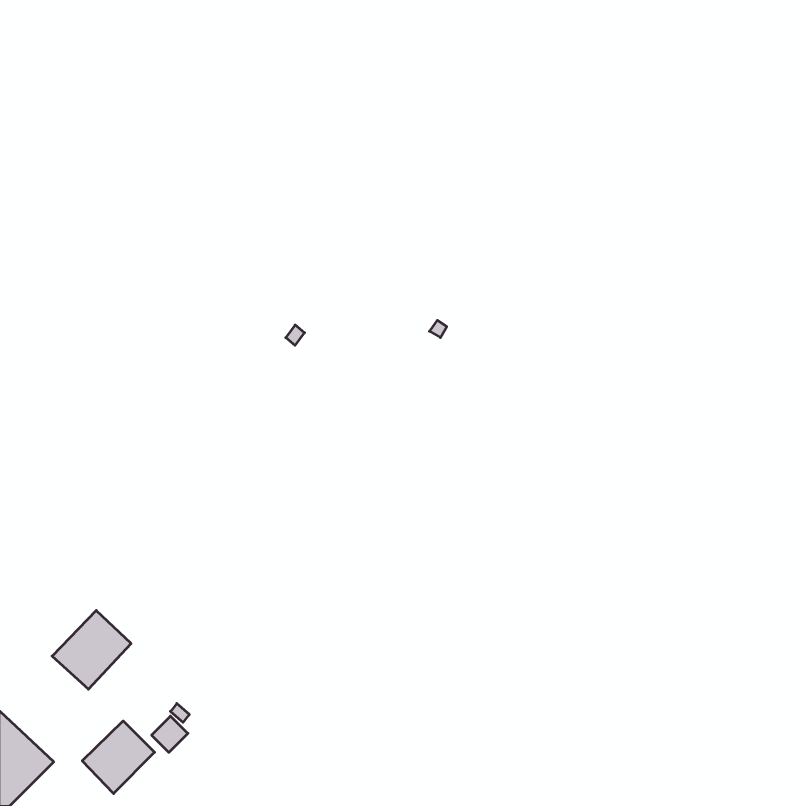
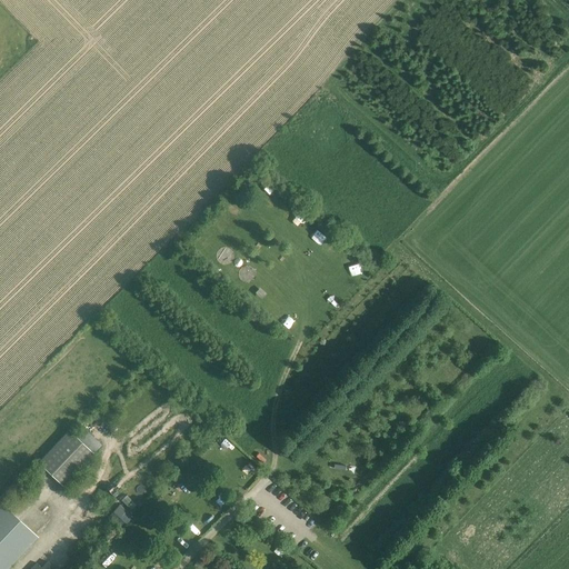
building: [82,721,155,794] -> none

